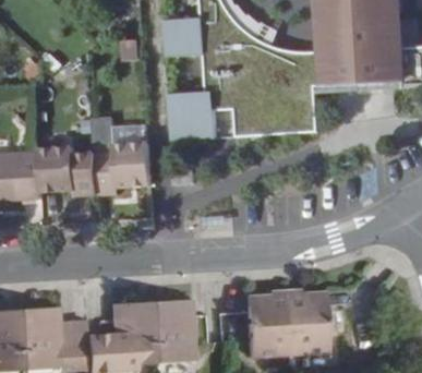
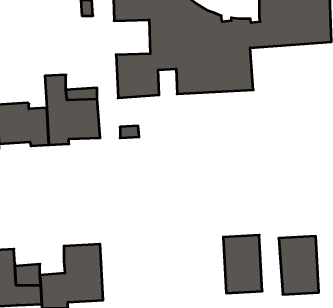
building: [243,292,287,356] -> [279,236,319,294]
building: [149,298,193,361] -> none

